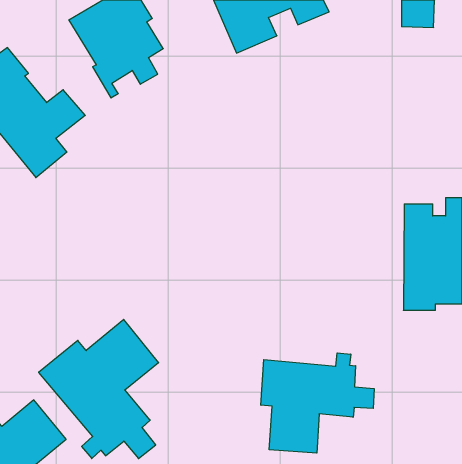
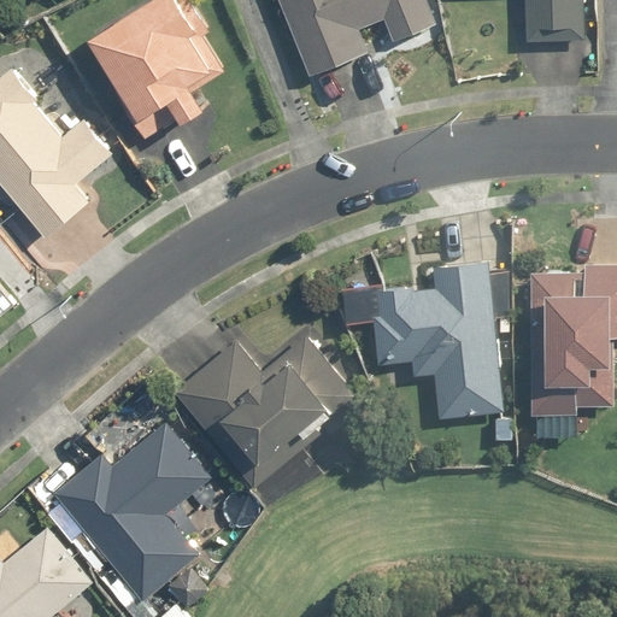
building: none -> [376,253,504,417]
building: none -> [175,336,353,487]
building: [261,353,374,453] -> none

